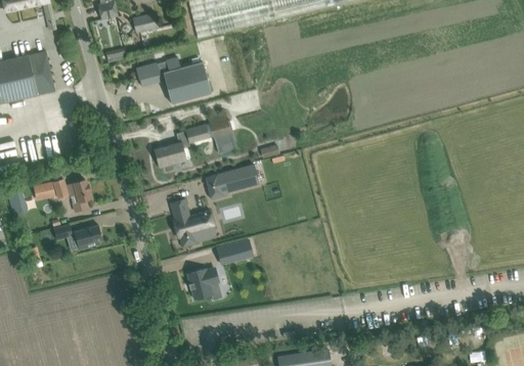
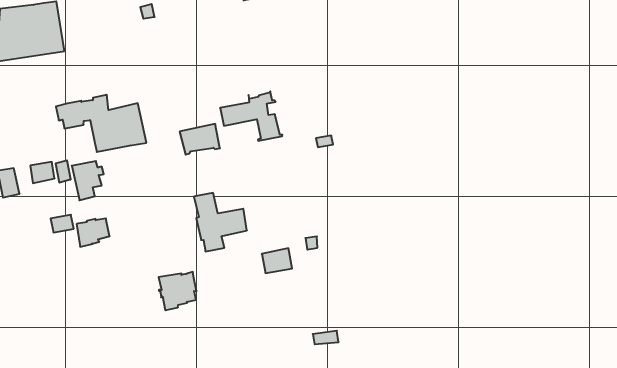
building: [136,56,212,103] -> [56,95,146,152]
building: [205,164,258,199] -> none
building: [187,267,219,300] -> [159,272,197,310]

